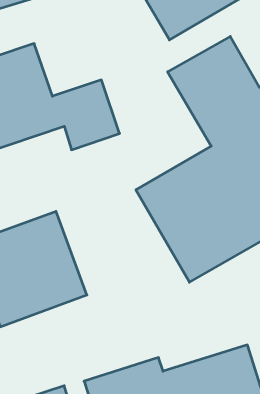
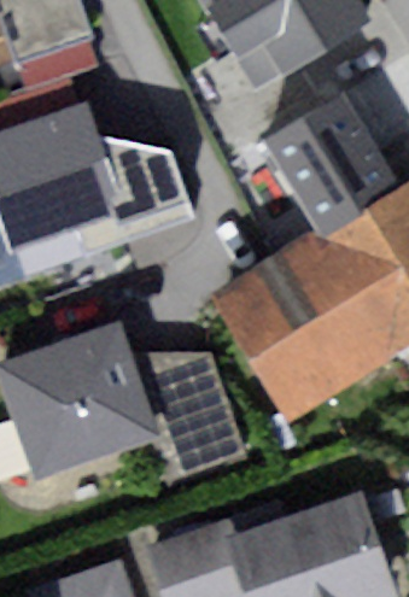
building: none -> [154,334,236,461]

